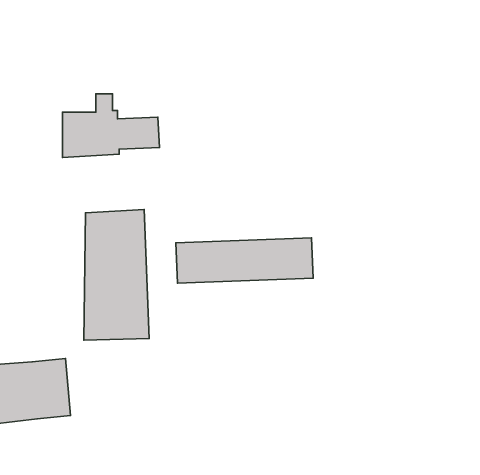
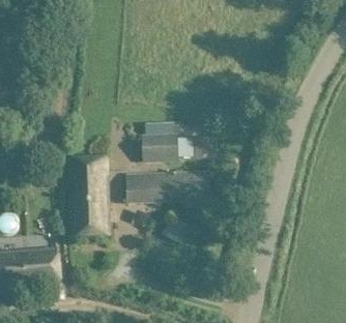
building: [62,94,159,157] -> [141,120,201,159]

